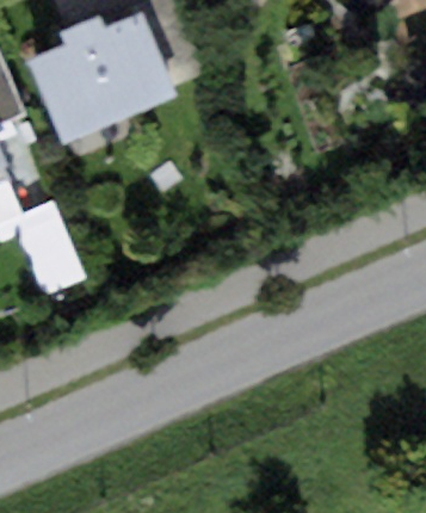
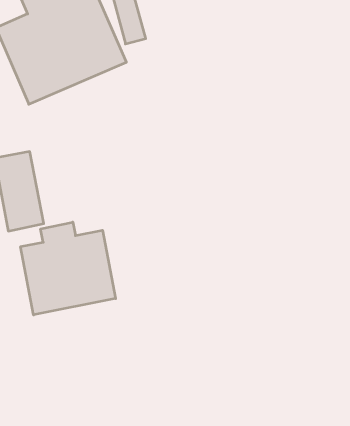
building: none -> [21,222,116,315]

